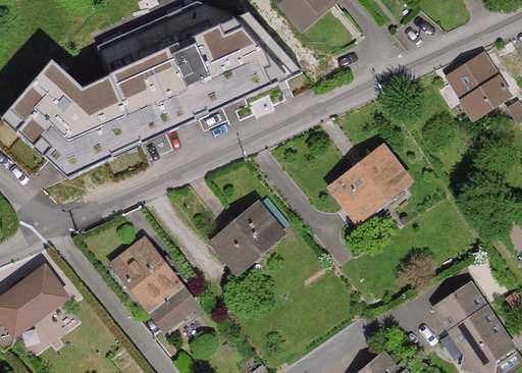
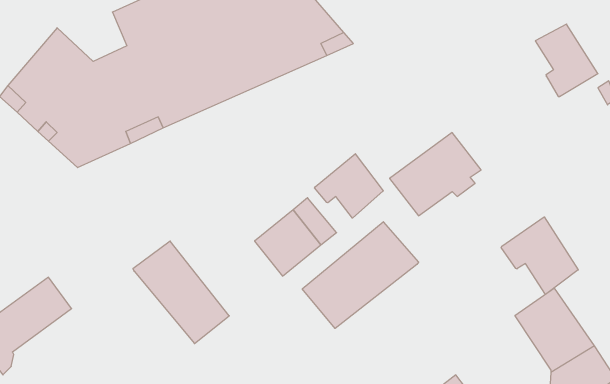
building: none -> [315,154,383,218]
building: none -> [501,217,578,294]
building: none -> [302,222,419,328]

